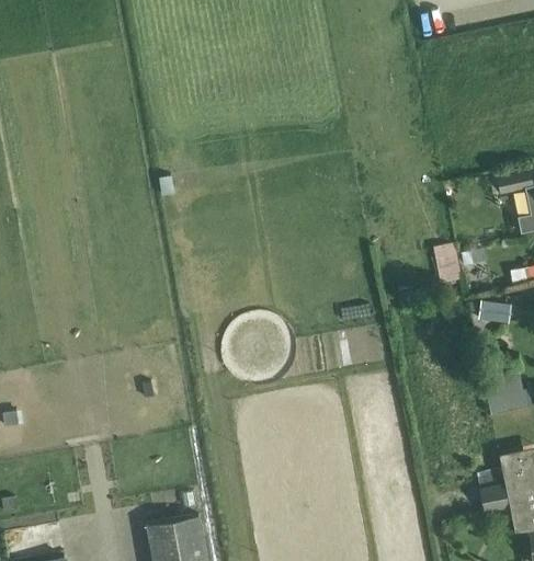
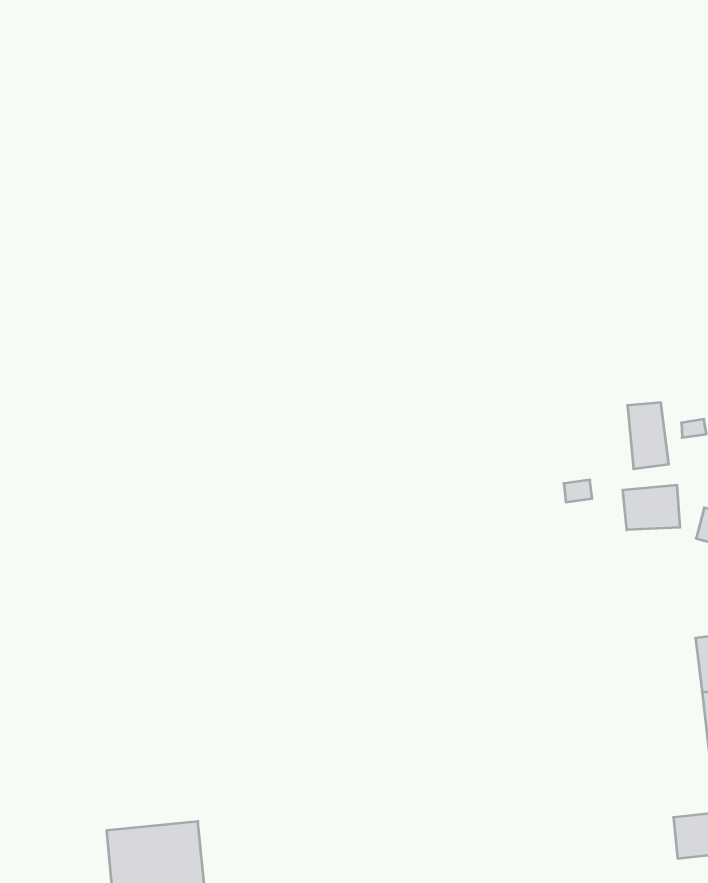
building: none -> [623,485,680,530]

